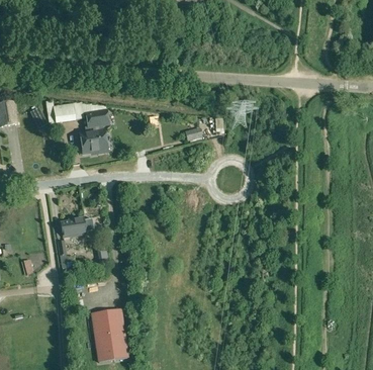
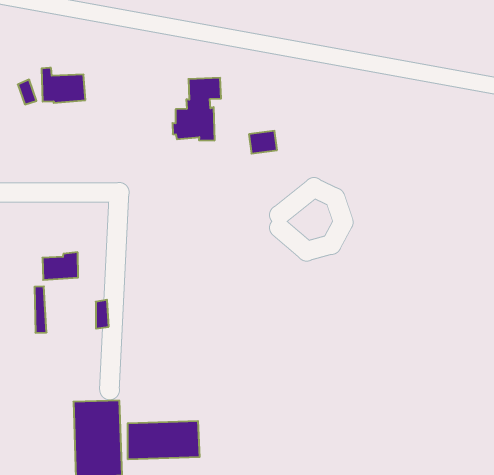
building: [79,110,108,153] -> [172,78,221,140]
building: none -> [128,421,200,459]

